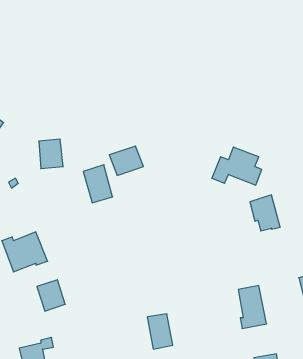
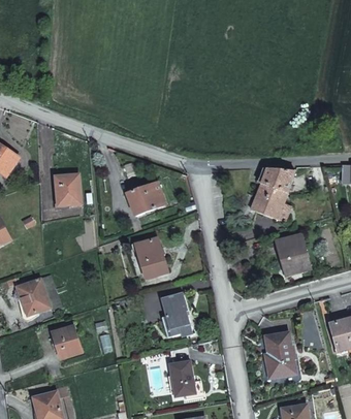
building: none -> [254,169,295,194]
building: [83,165,113,203] -> [136,237,167,278]
building: none -> [161,293,193,337]

